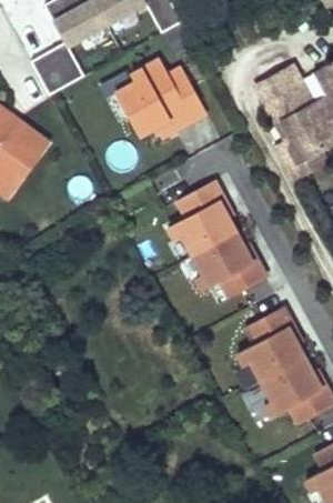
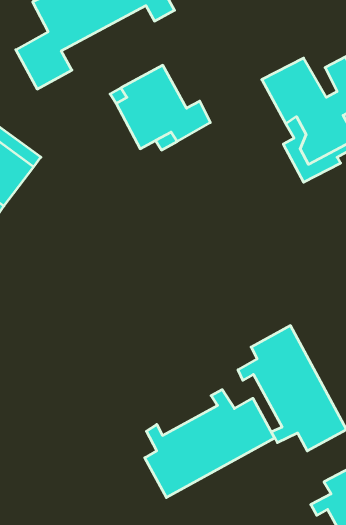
building: [163,181,264,298] -> none
building: none -> [145,390,275,498]

